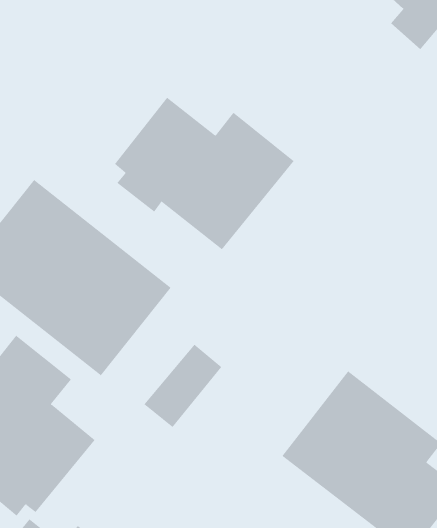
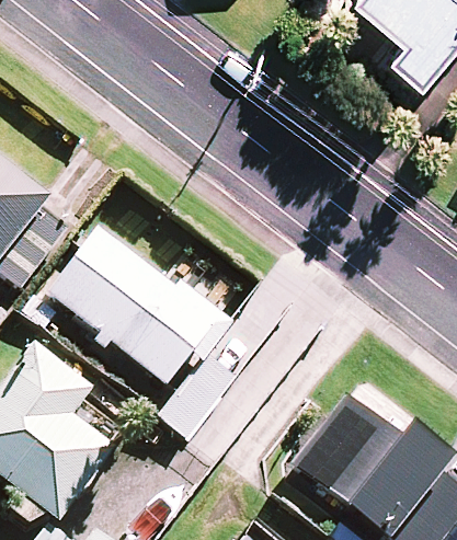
building: [114,97,295,250] -> none

